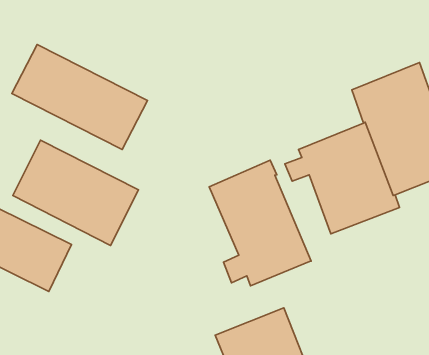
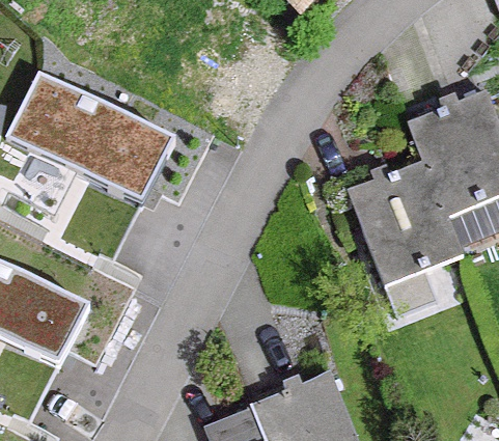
building: [13,140,138,245] -> none
building: [209,160,311,286] -> none

